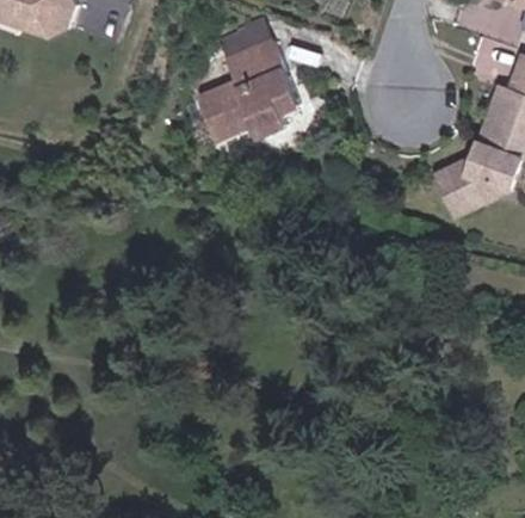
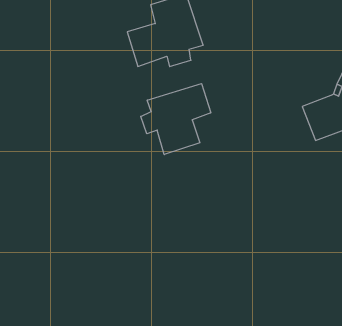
building: none -> [141,84,211,155]

